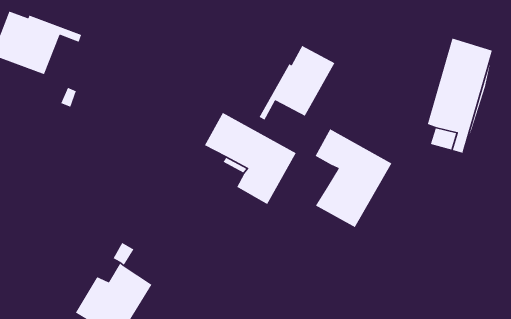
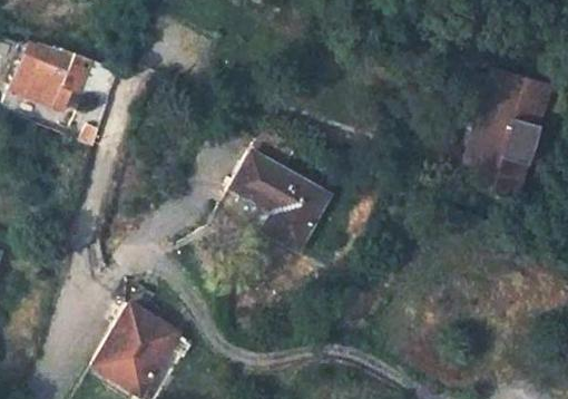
building: [259,45,336,121] -> none
building: [314,128,393,228] -> none

